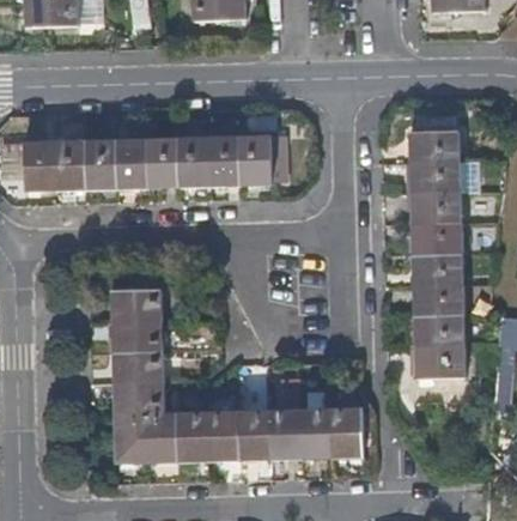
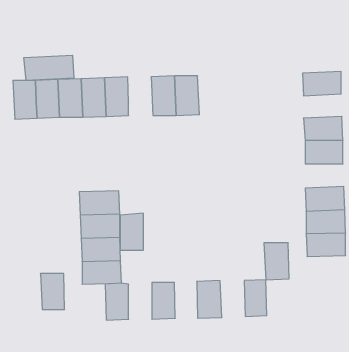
building: none -> [24,55,74,80]
building: [175,137,208,188] -> none
building: [409,159,462,192] -> none
building: [412,253,463,285] -> none
building: [298,408,332,458] -> [264,243,289,280]
building: [237,410,268,459] -> none
building: [176,411,207,460] -> [120,213,143,250]
building: [114,413,146,461] -> [40,274,65,309]

